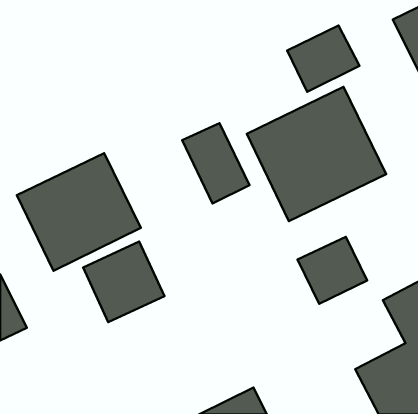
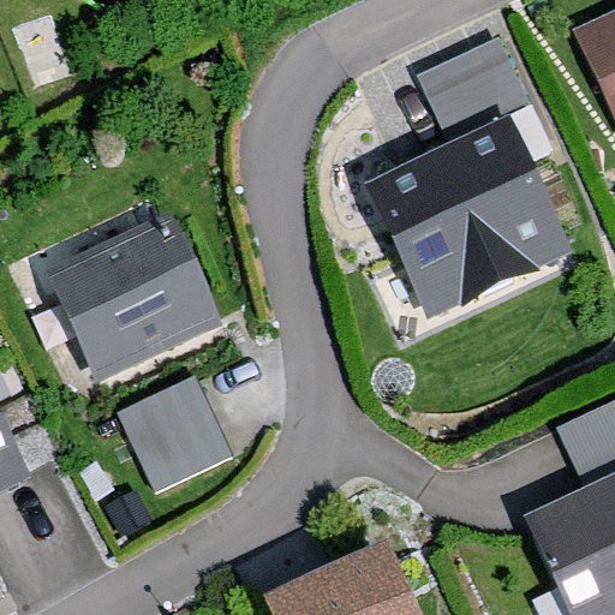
building: [182,123,250,204] -> none
building: [298,237,367,304] -> none

